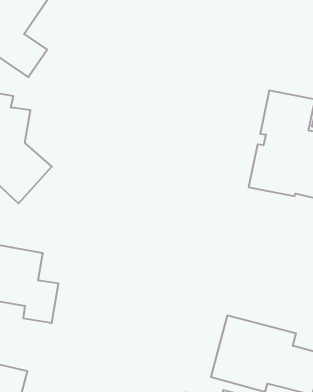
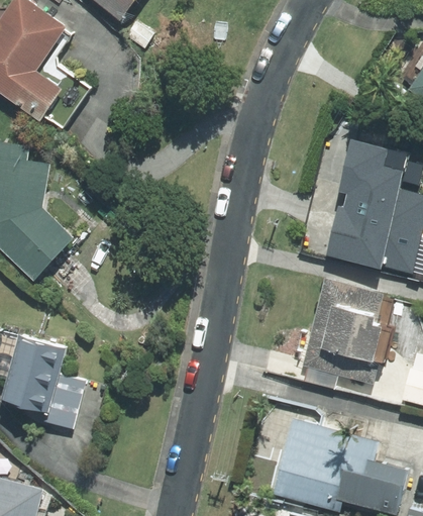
building: none -> [300,279,390,388]

